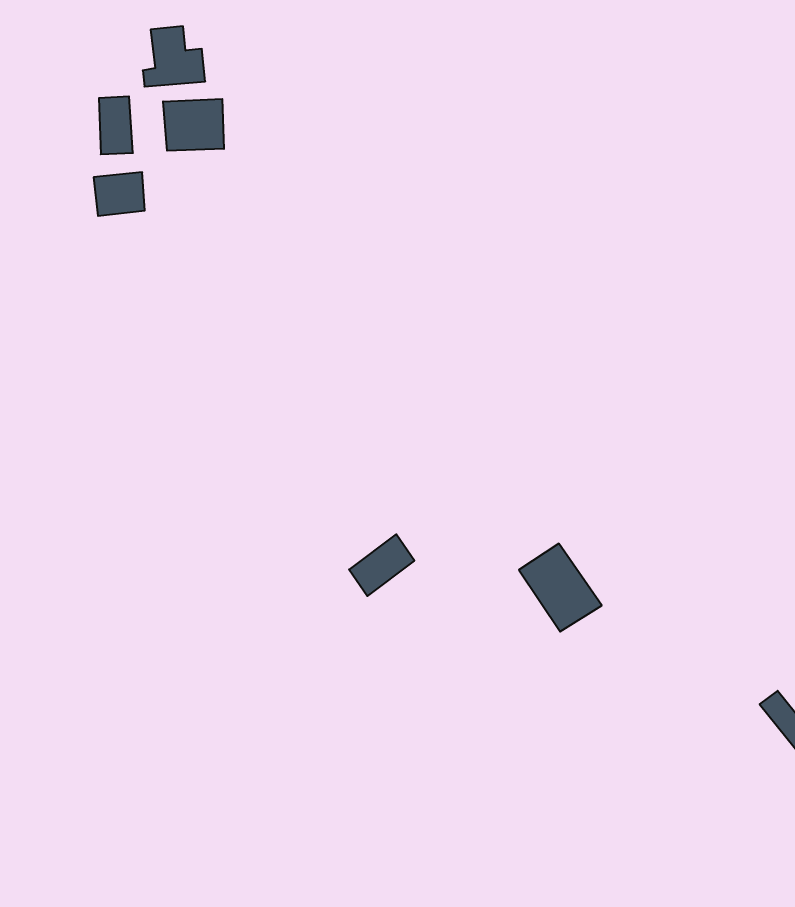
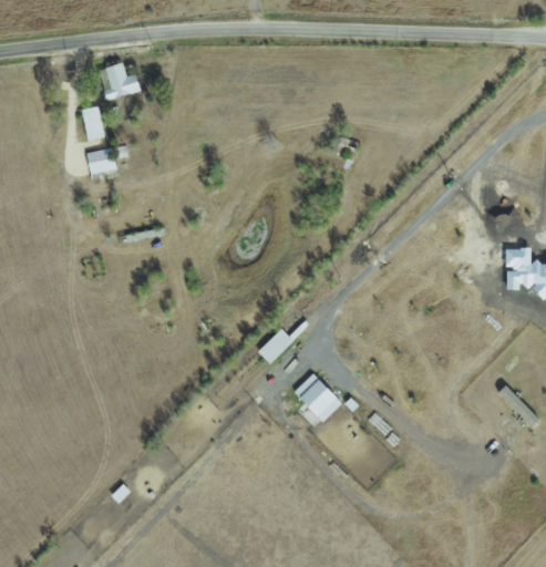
building: [163,99,224,151] -> none
building: [519,544,602,632] -> [293,373,342,422]

